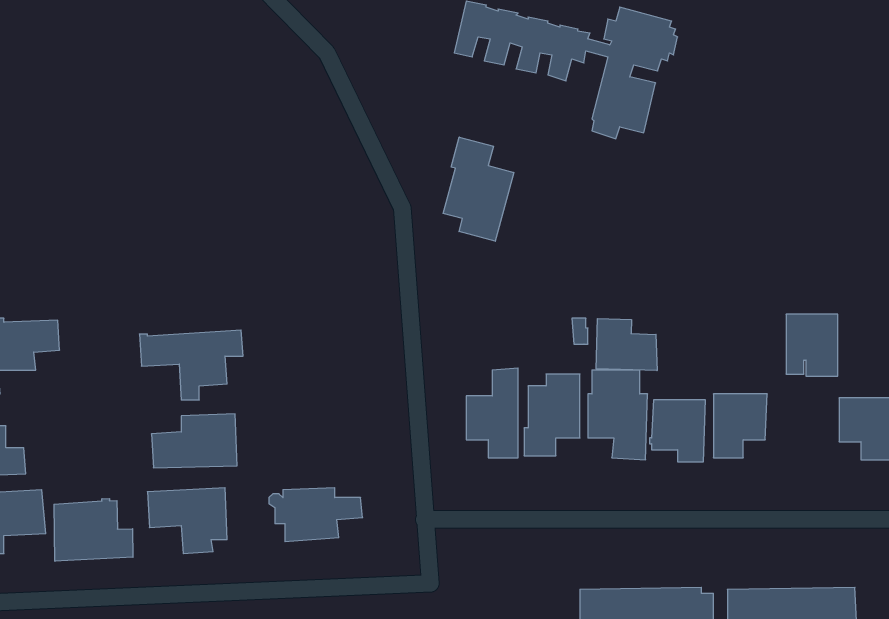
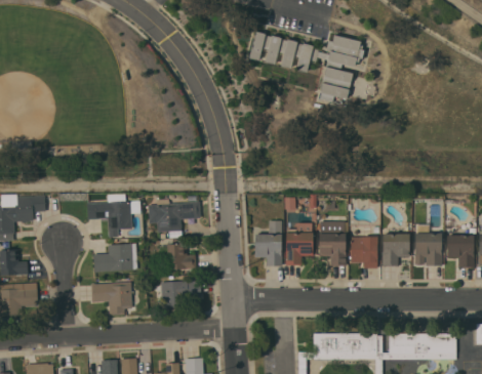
building: [443,137,514,241] -> none
building: [786,314,838,376] -> [414,234,441,265]
building: [596,319,657,371] -> none
building: none -> [148,202,200,233]
building: none -> [159,244,195,269]
building: [54,499,133,561] -> none

